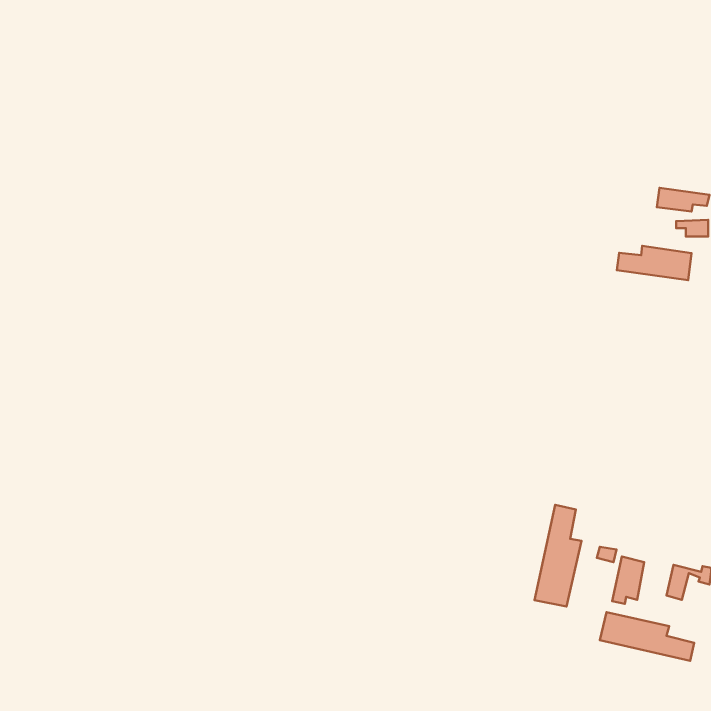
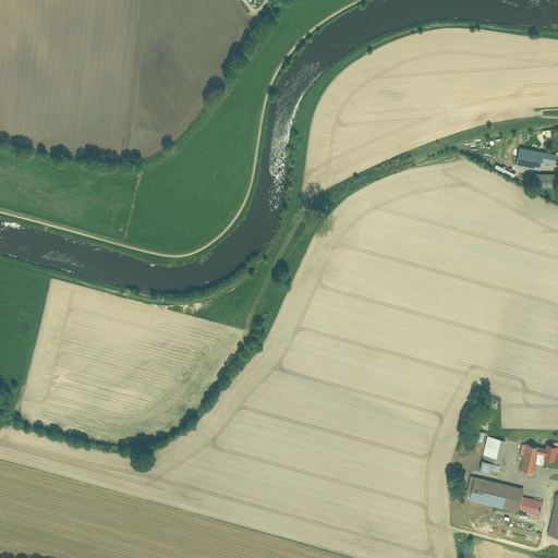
building: [617,246,692,280] -> none
building: [534,505,581,606] -> none

